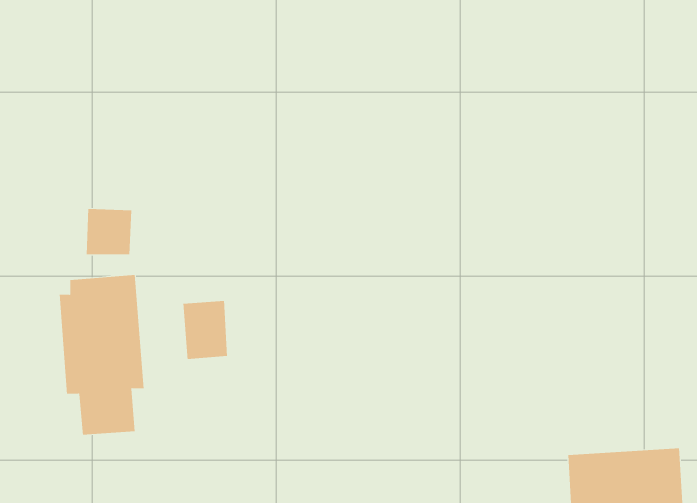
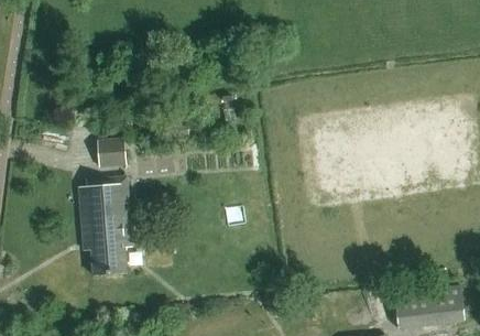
building: [183,300,227,360] -> none

